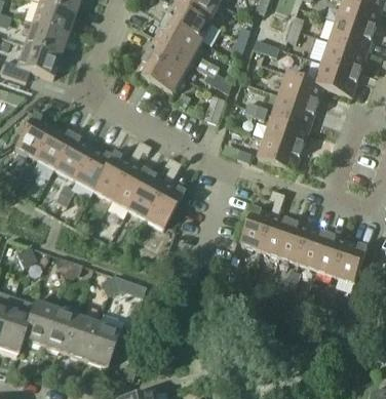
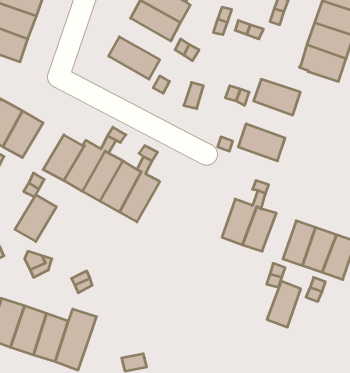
building: [146,37,194,76] -> none
building: [279,73,323,107] -> none
building: [265,115,309,150] -> none
building: [54,135,93,179] -> [15,195,56,242]
building: [280,221,312,264] -> [267,281,301,327]

